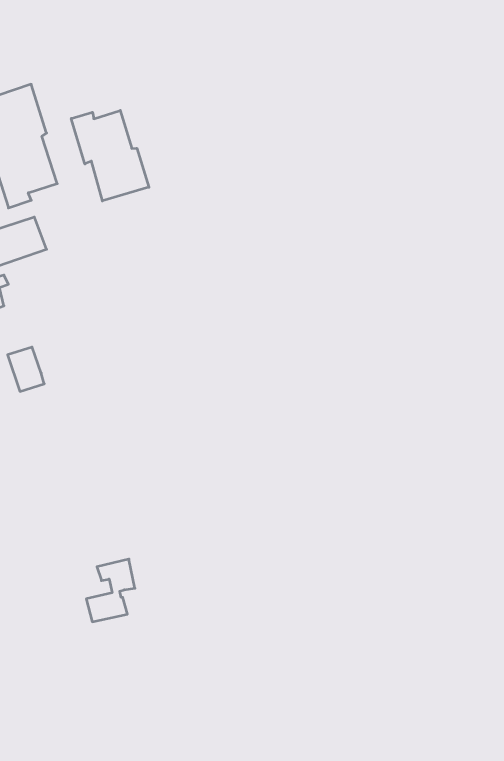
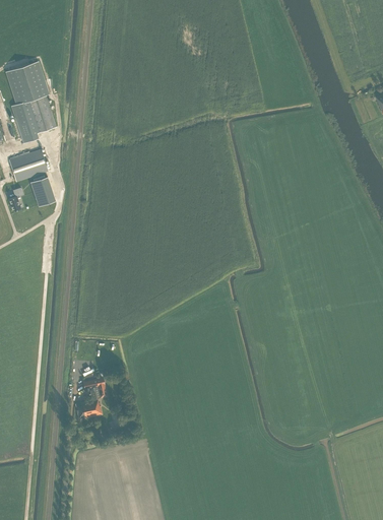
building: [71,110,149,201] -> none
building: [8,347,44,391] -> [30,177,55,206]

